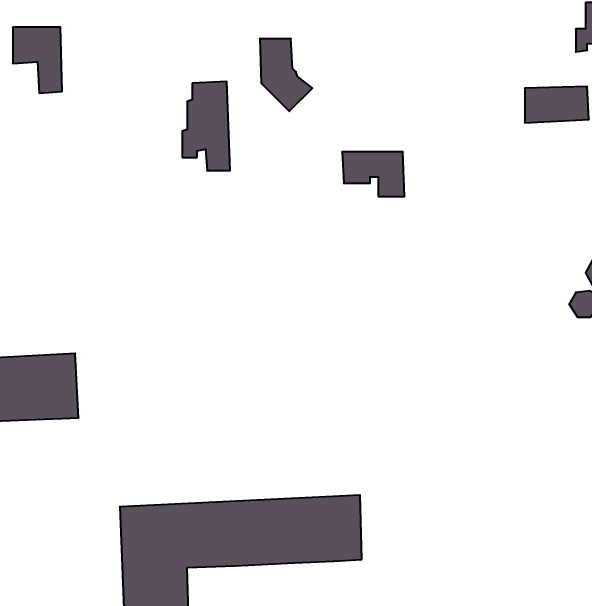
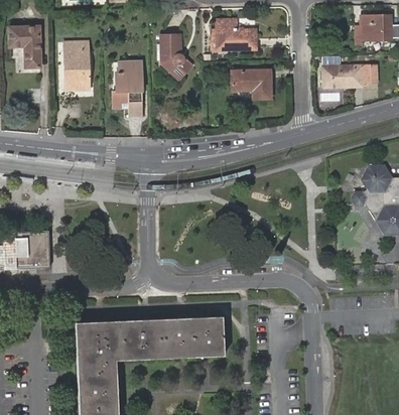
building: none -> [217,20,256,50]
building: none -> [64,44,90,92]
building: [342,152,405,196] -> [234,72,272,99]

